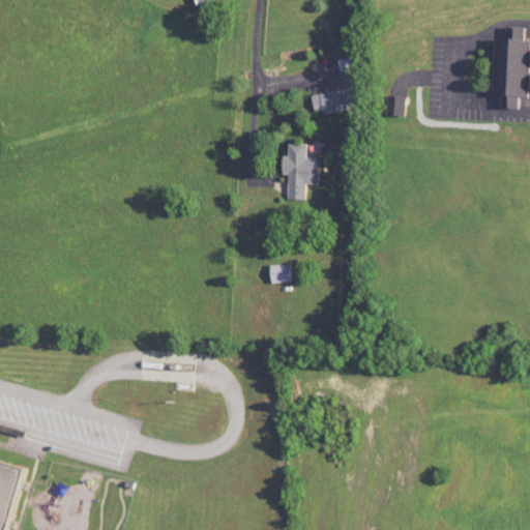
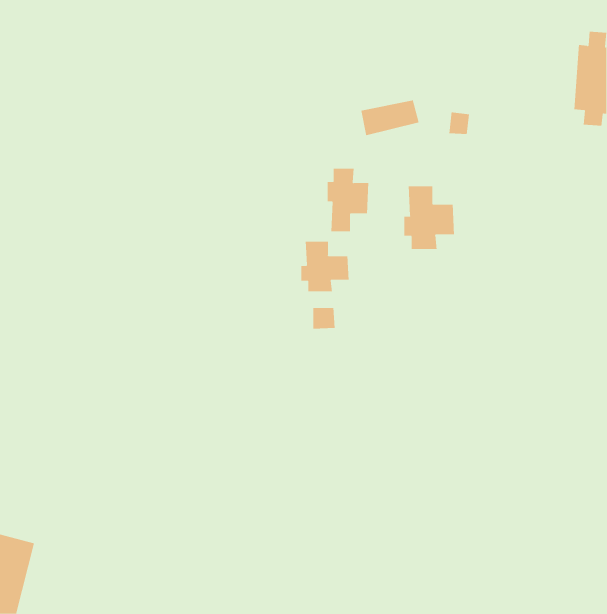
building: none -> [404,186,455,250]
building: none -> [301,241,349,292]

